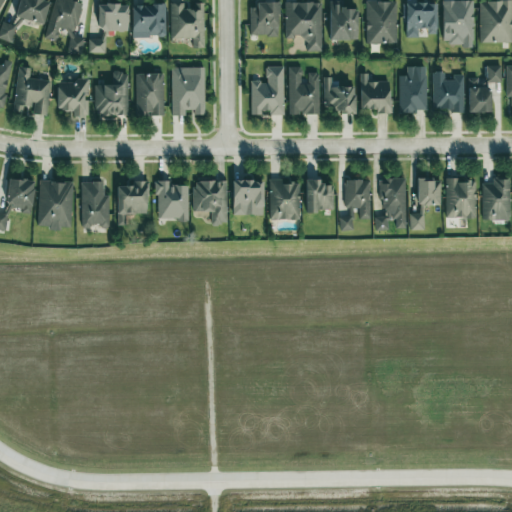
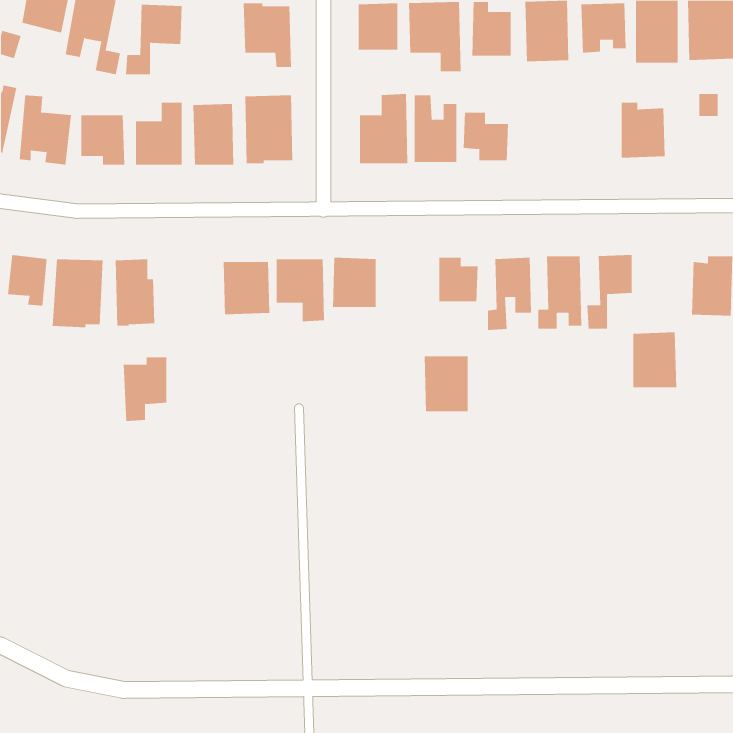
building: [132,4,166,37] -> none
building: [360,72,391,112] -> none
building: [399,74,427,112] -> none
building: [468,77,490,112] -> none
building: [446,178,477,217] -> [632,332,677,388]
building: [116,180,147,225] -> [123,357,167,422]
building: [269,180,300,219] -> [424,356,468,412]

